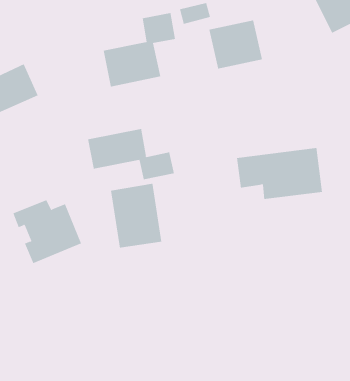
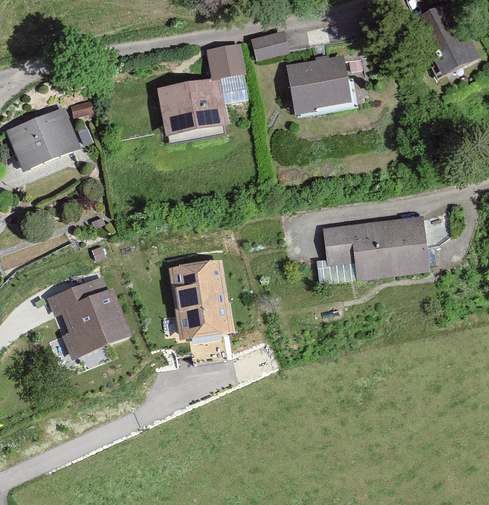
building: [87,128,174,180] -> none

